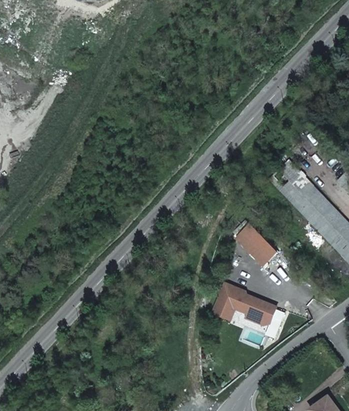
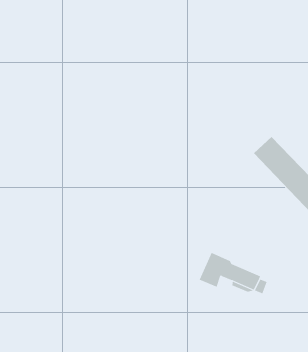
building: [238,224,277,265] -> none

